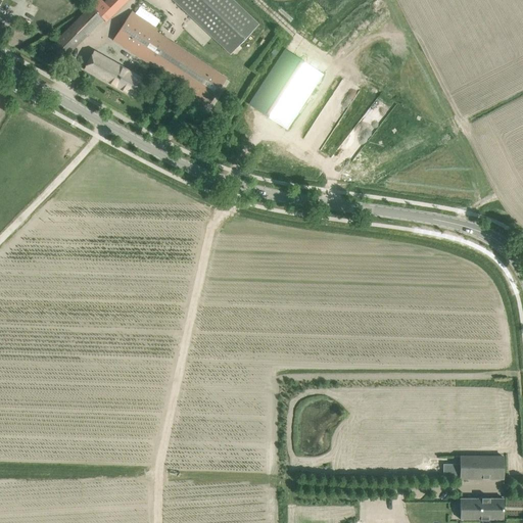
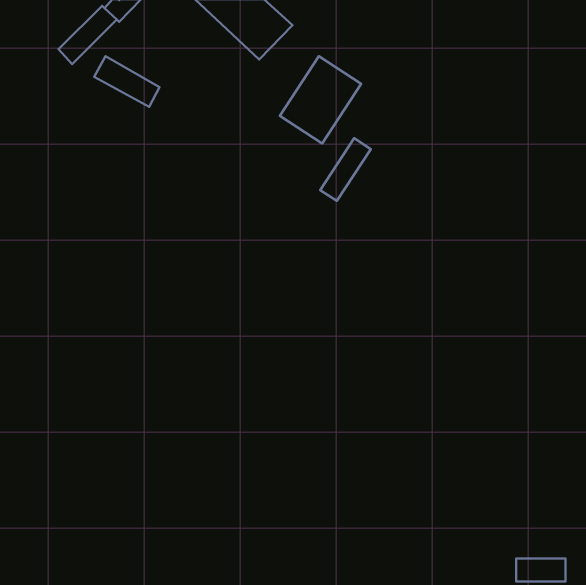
building: [114,12,225,101] -> none
building: none -> [320,138,371,201]
building: [460,456,504,477] -> none

